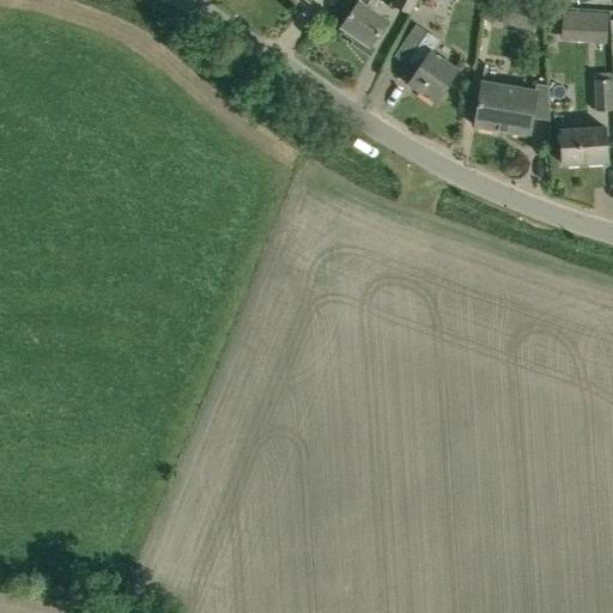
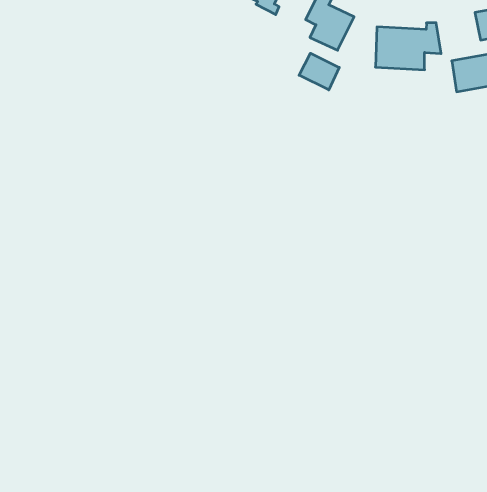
building: none -> [299,53,339,90]

